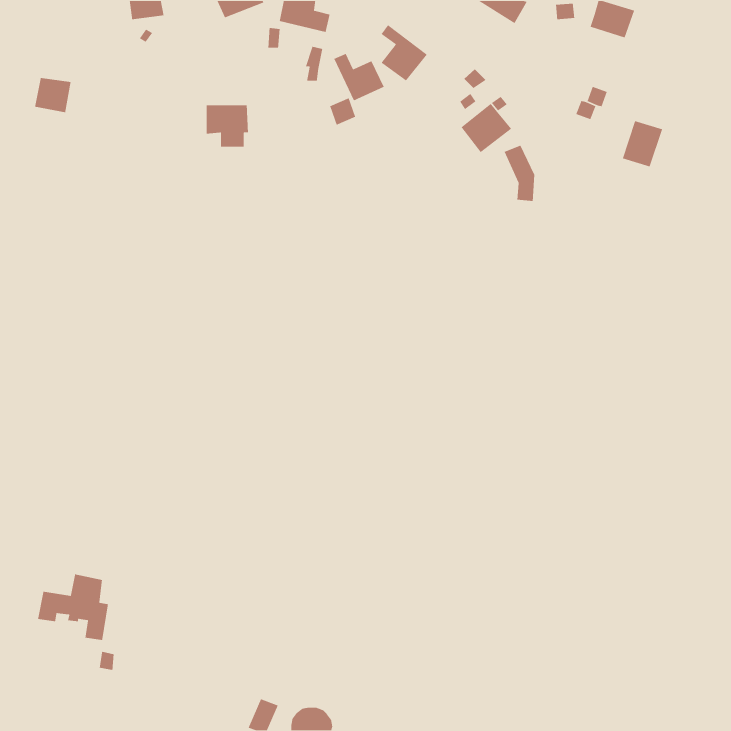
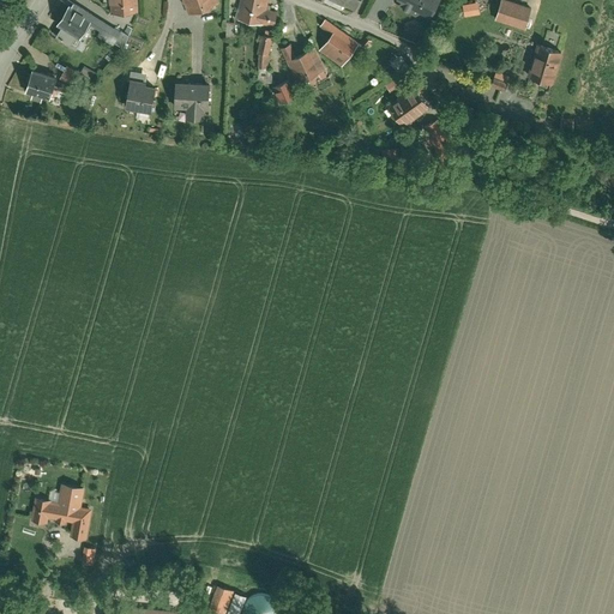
building: none -> [59,7,94,40]
building: none -> [125,83,155,118]
building: [622,120,663,167] -> [528,44,562,84]

